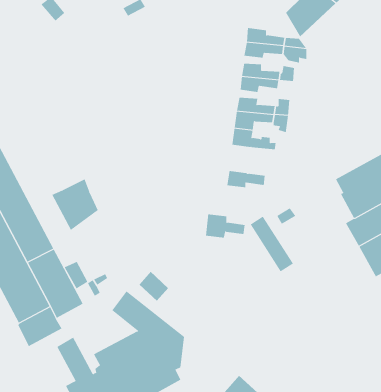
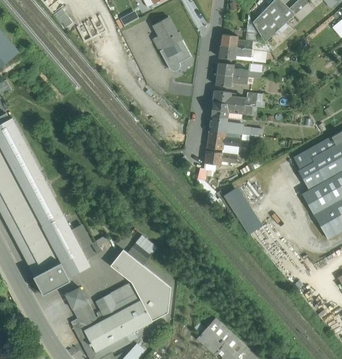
building: none -> [153,17,191,71]
building: [52,179,99,231] -> none
building: [205,214,245,238] -> [207,130,240,150]

